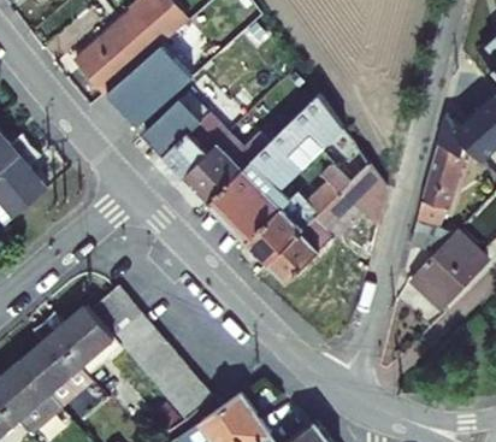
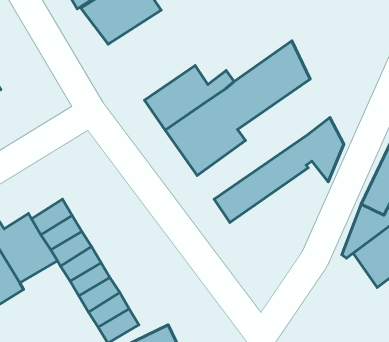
building: [142,88,226,172] -> none
building: [246,160,348,259] -> none

